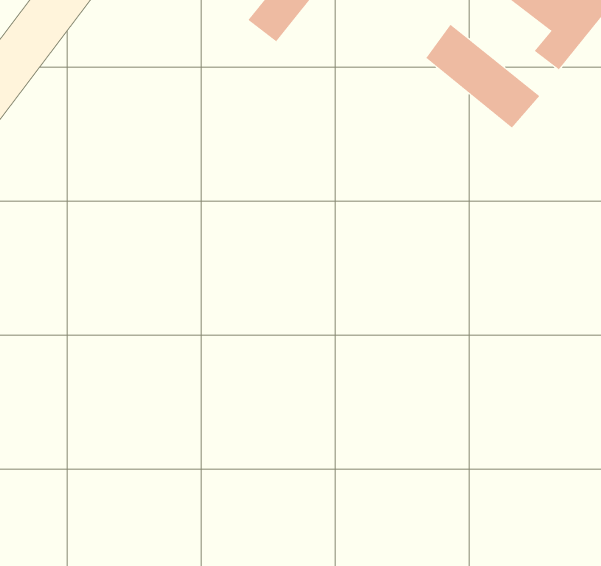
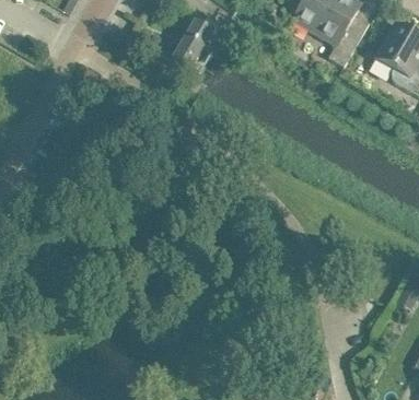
building: [426,24,540,129] -> none

